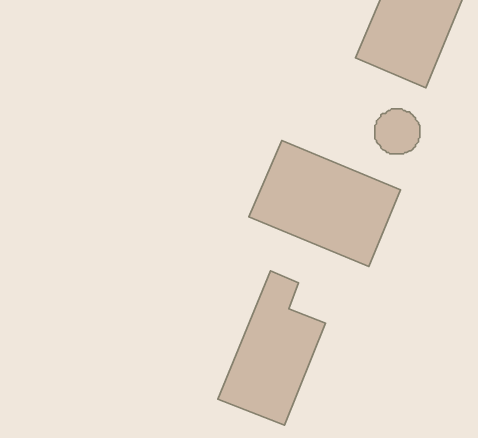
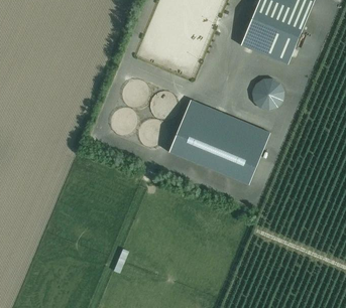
building: [218,271,326,425] -> none

